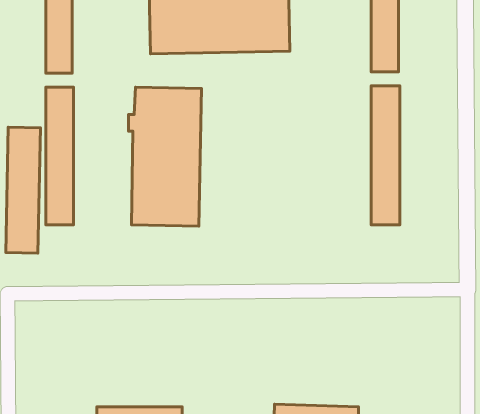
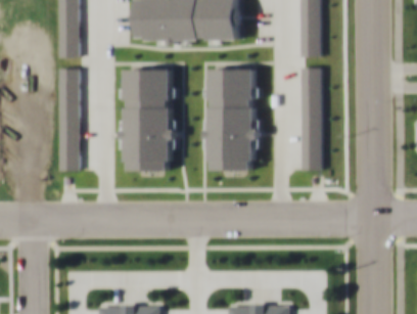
building: none -> [207,69,258,171]
building: [6,127,40,253] -> none

